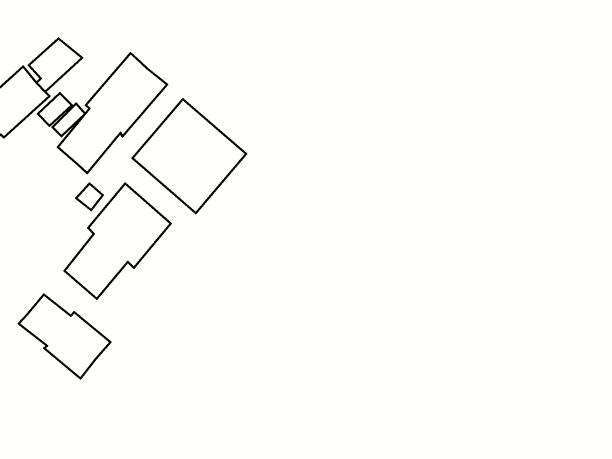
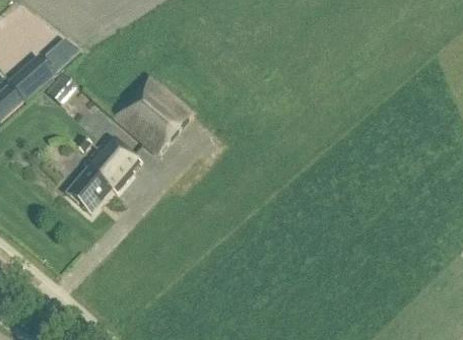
building: [58,53,167,173] -> none
building: [19,294,111,378] -> none

